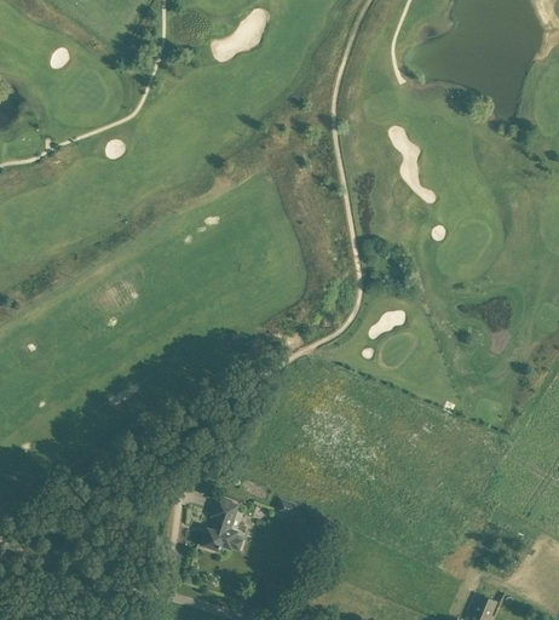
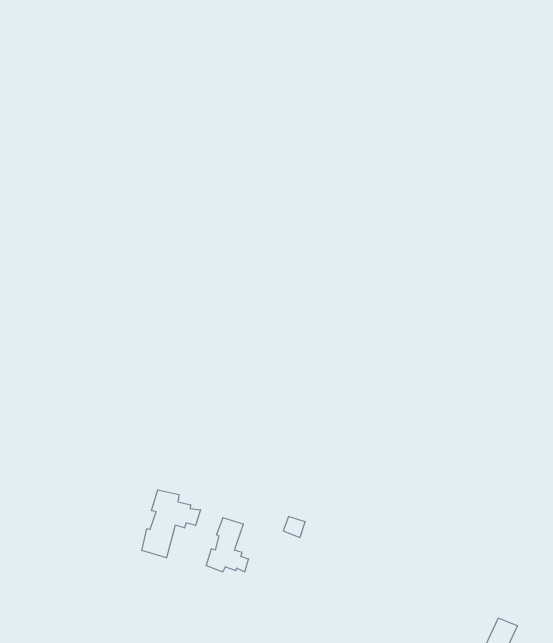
building: none -> [142,490,200,558]

